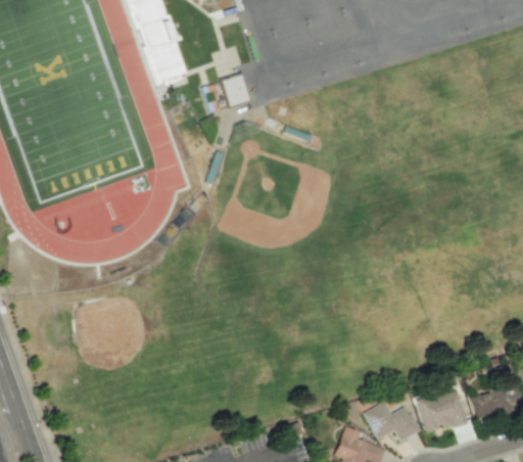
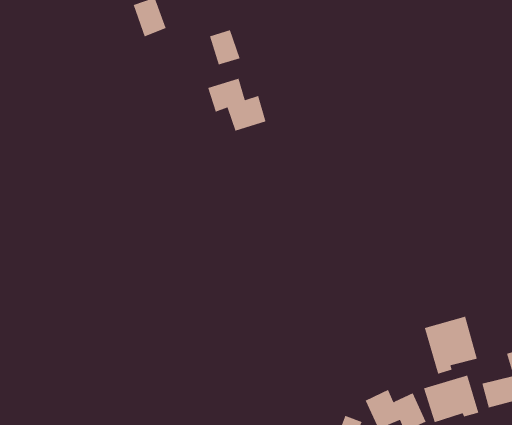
building: none -> [208,78,266,132]
building: none -> [424,316,477,375]

